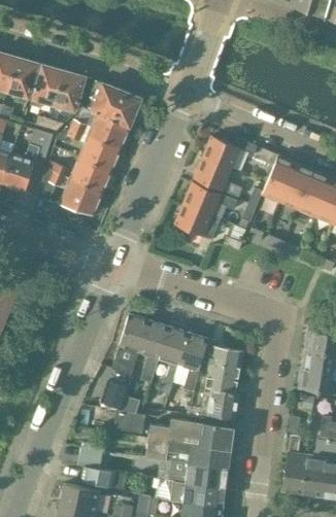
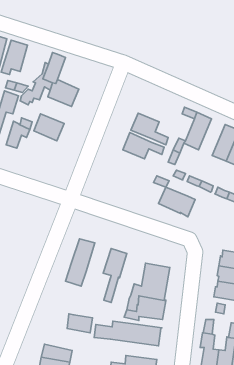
building: [54,72,85,117] -> none
building: [101,88,140,128] -> none
building: [79,137,119,171] -> none
building: [203,137,256,169] -> none
building: [279,165,313,211] -> none
building: [61,180,100,215] -> none
building: [174,204,221,241] -> [158,187,195,217]
building: [139,321,169,384] -> none
building: [179,335,208,391] -> none
building: [100,382,129,410] -> none
building: [145,441,229,469] -> none

